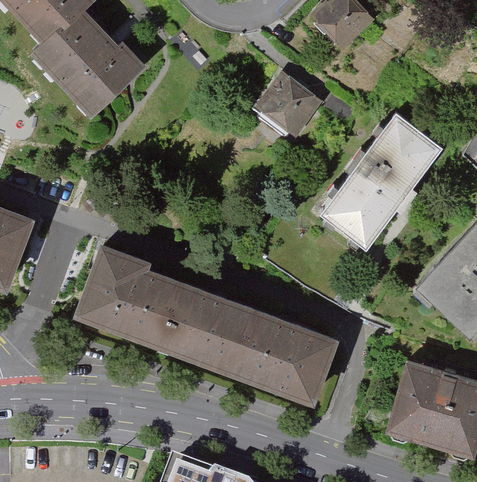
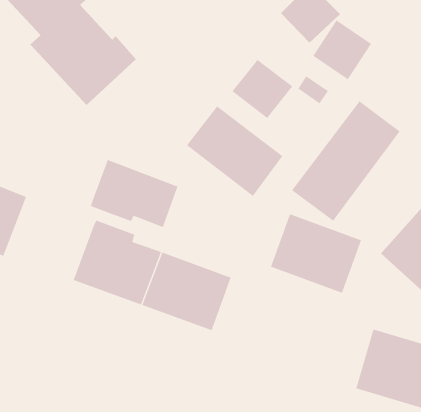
building: none -> [313,20,372,80]
building: none -> [186,105,283,197]
building: none -> [90,159,178,228]
building: [234,310,334,397] -> [270,214,362,294]

